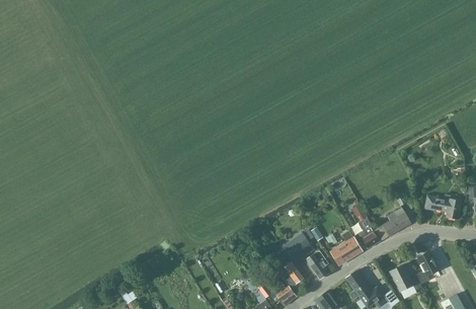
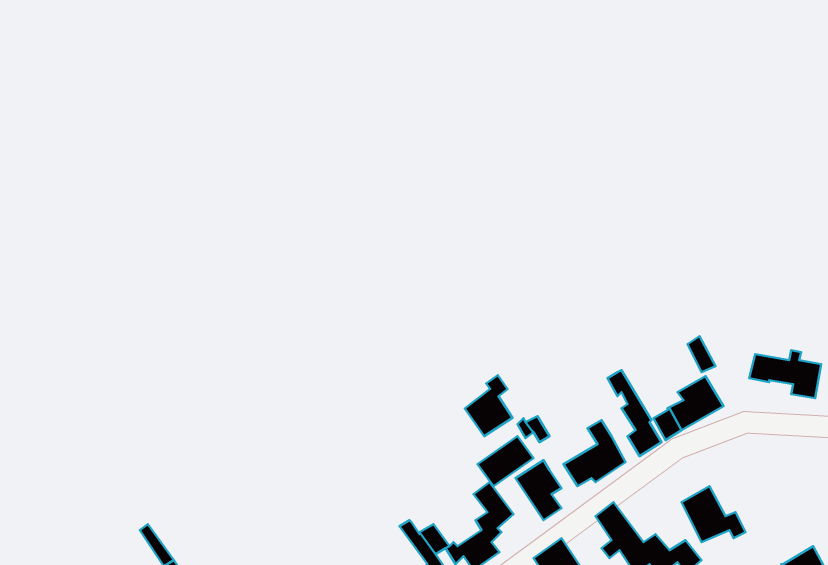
building: none -> [465,375,513,436]
building: [416,252,438,285] -> none

